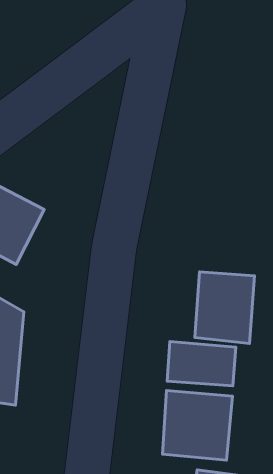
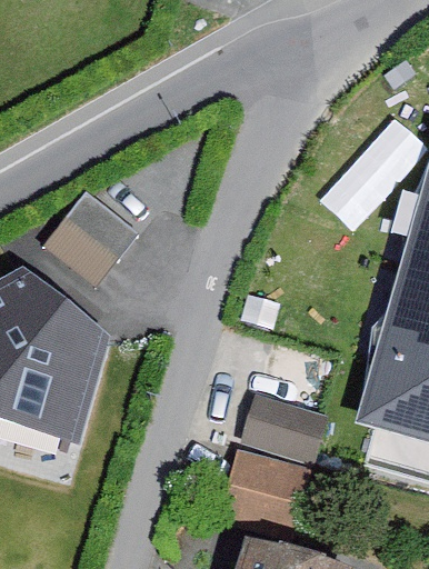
building: [195,272,255,343] -> none

